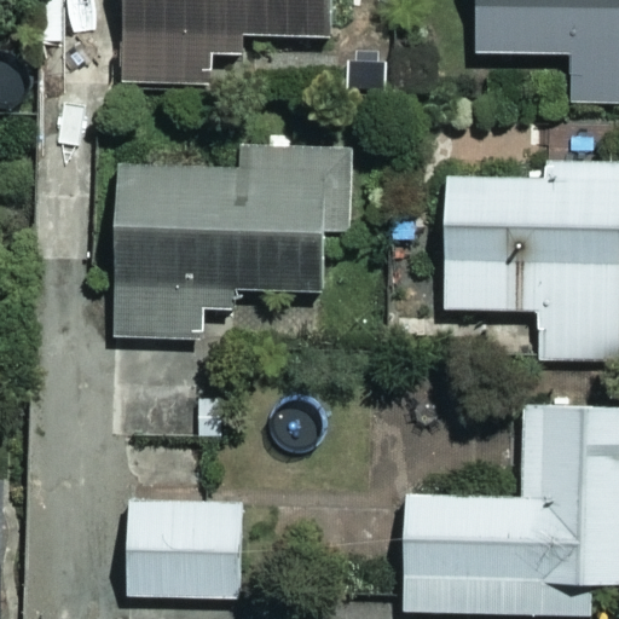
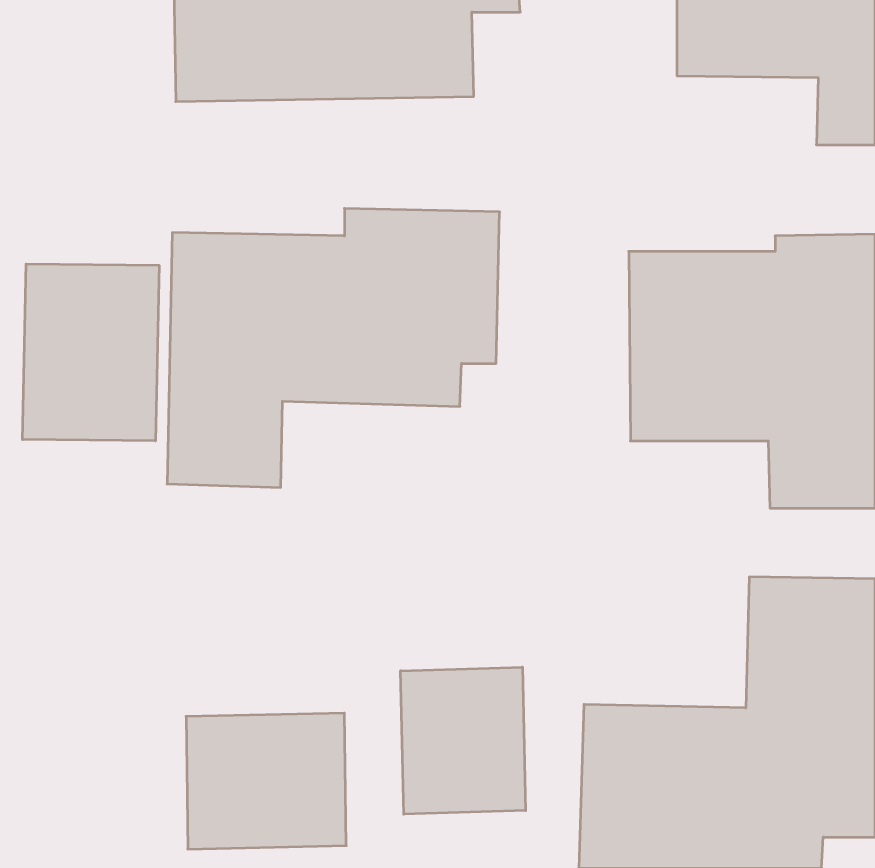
building: none -> [23,264,159,441]
building: none -> [401,667,526,814]

